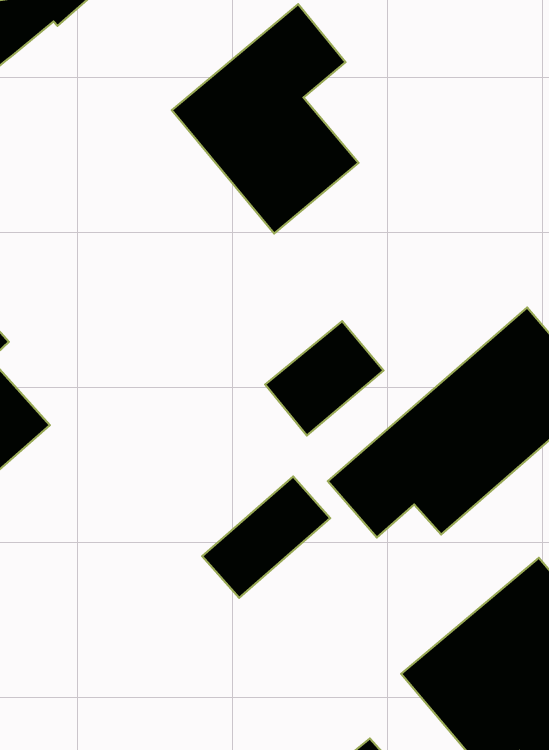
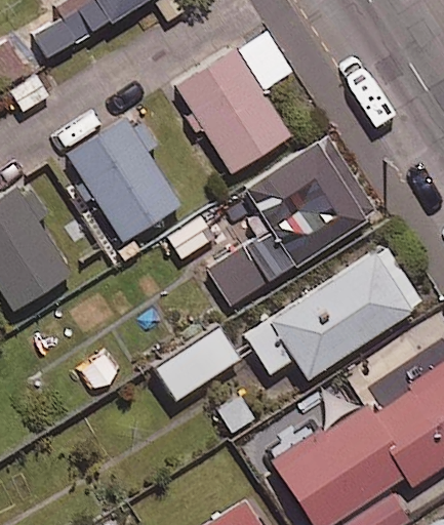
building: none -> [249,137,377,266]
building: none -> [69,120,179,242]

